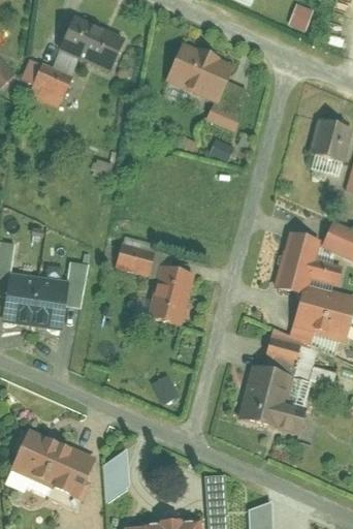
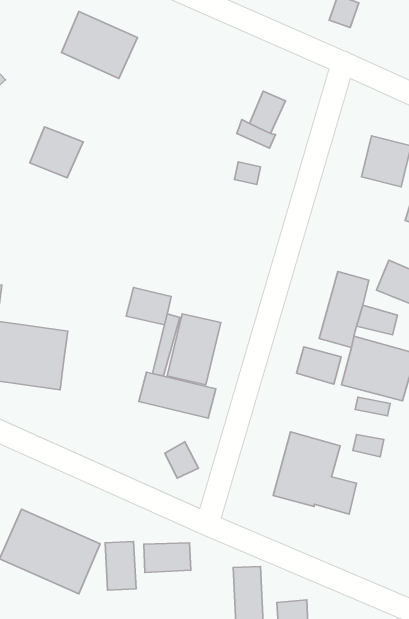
building: [167,42,234,100] -> none
building: [30,63,74,105] -> [30,127,83,178]
building: [64,261,88,306] -> none
building: none -> [139,372,216,418]
building: [264,335,301,366] -> [296,347,341,384]
building: none -> [144,543,191,572]

